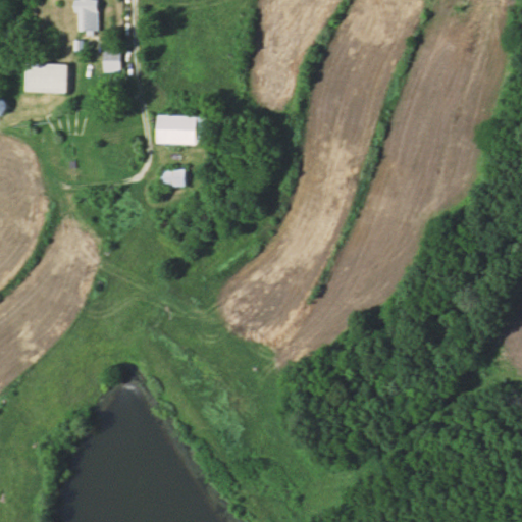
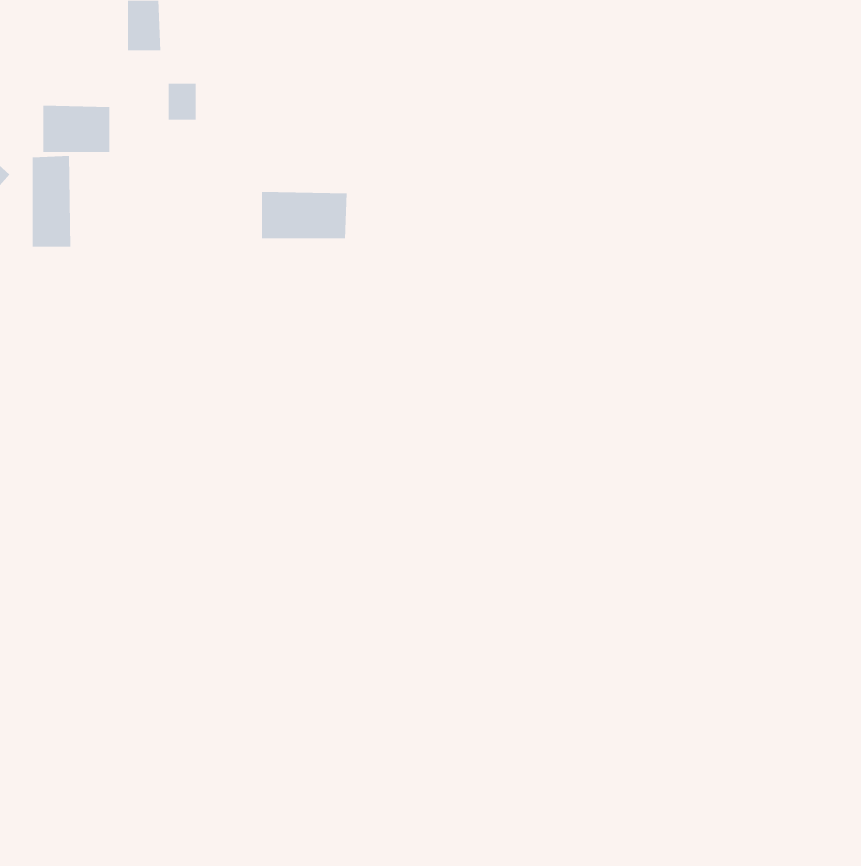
building: none -> [32,155,71,248]
building: [161,170,186,187] -> none

